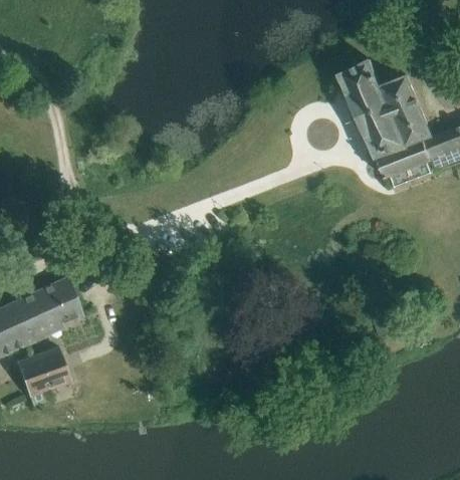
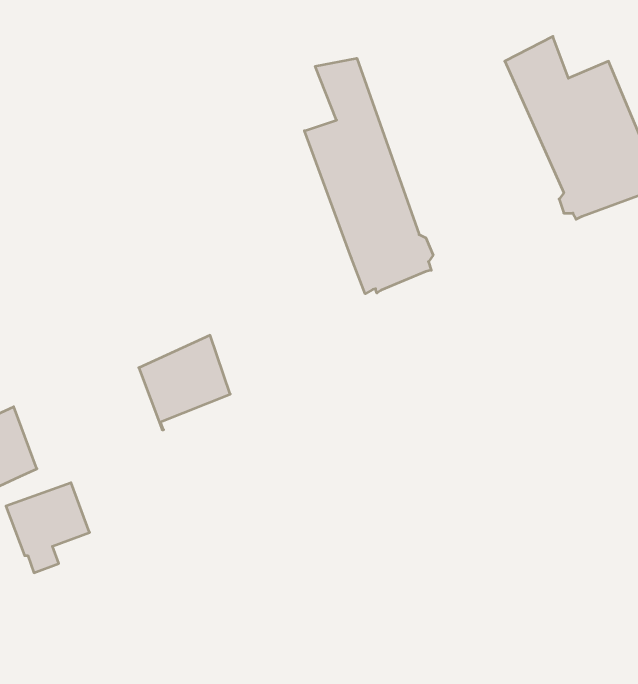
building: none -> [304,58,433,294]
building: [20,278,79,339] -> [139,335,230,430]

